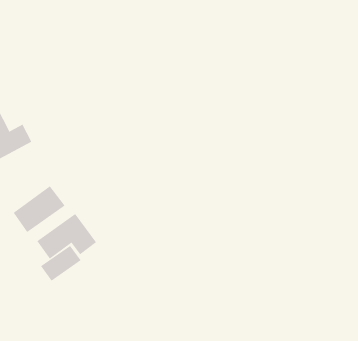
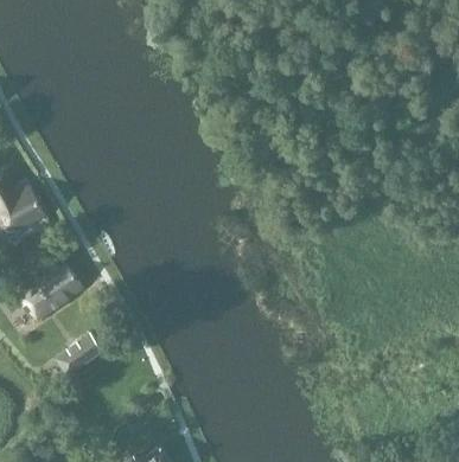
building: [36,213,97,259] -> none

